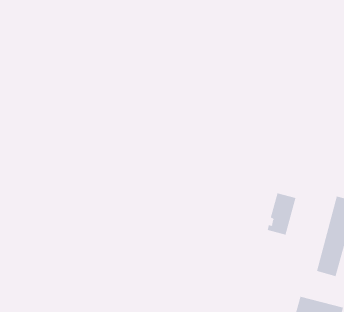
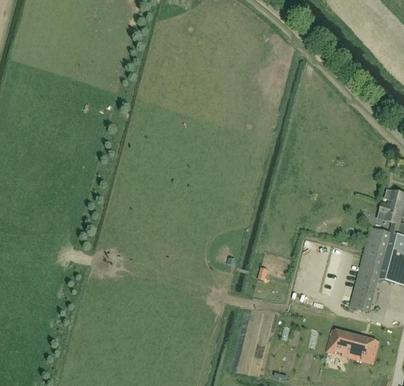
building: [267,192,296,235] -> none

